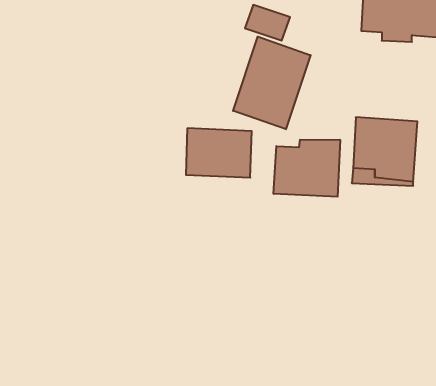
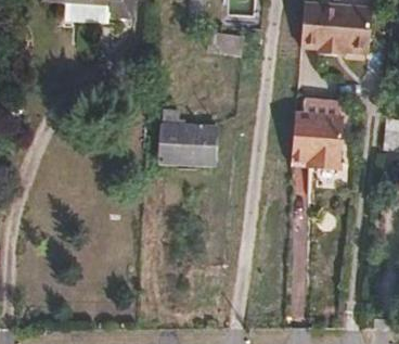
building: [233,37,311,129] -> none
building: [274,140,340,197] -> none

